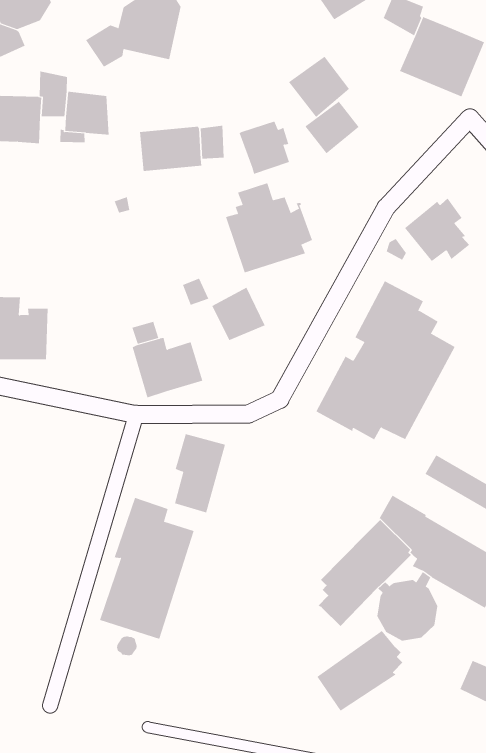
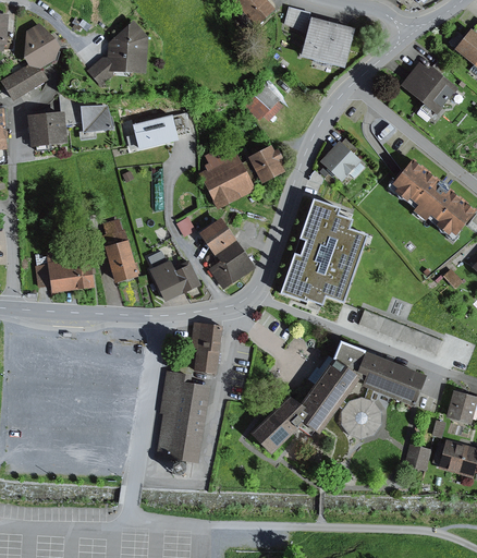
building: [288,56,350,118] -> none
building: [239,121,290,174] -> [248,145,285,183]
building: none -> [101,217,142,283]
building: none -> [209,241,255,289]
building: [316,630,403,711] -> [250,396,307,454]

